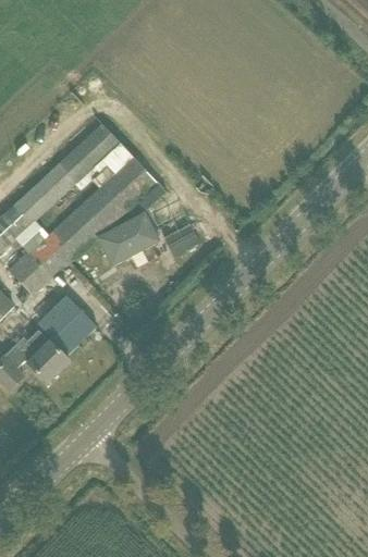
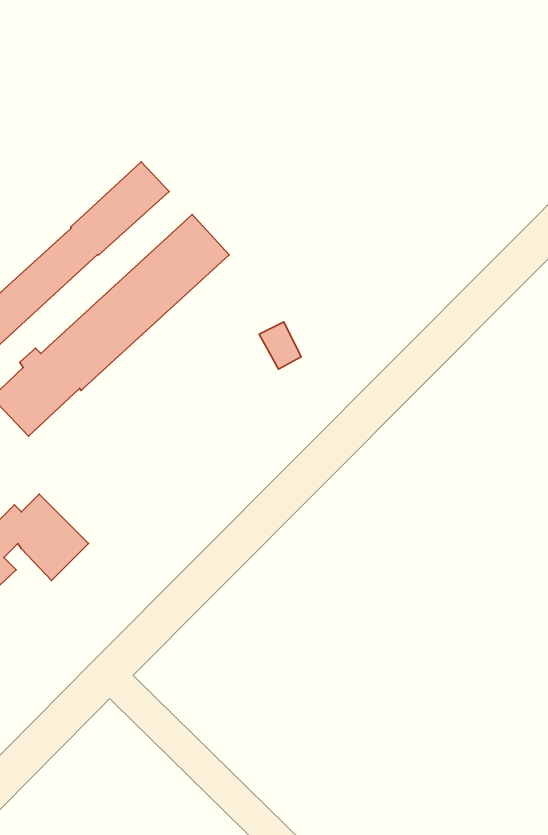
building: [98,213,158,263] -> none
building: [41,296,97,354] -> none

